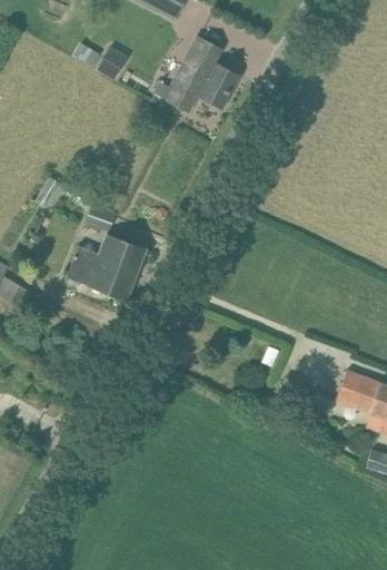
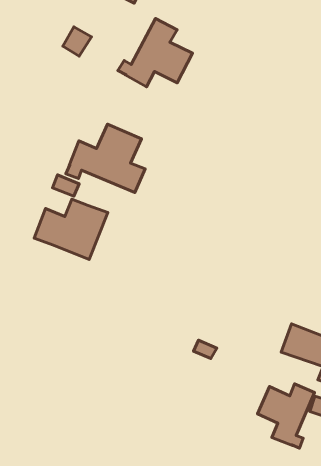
building: none -> [66,124,145,193]
building: none -> [257,384,314,448]

